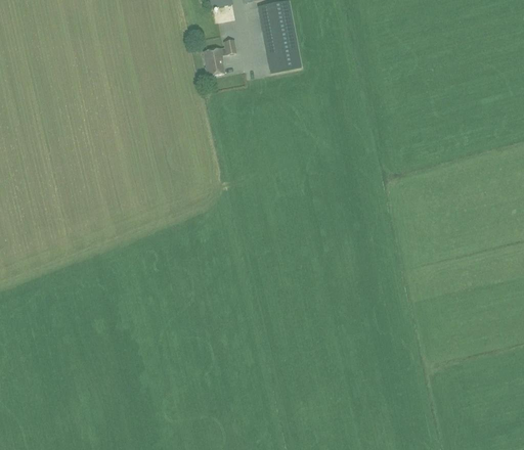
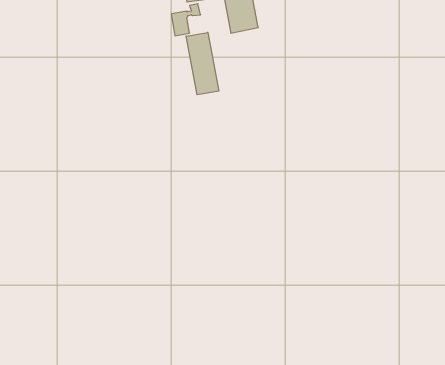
building: none -> [186,32,219,95]

